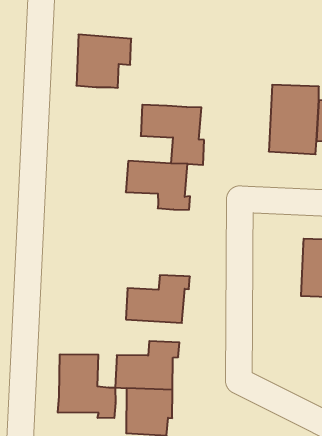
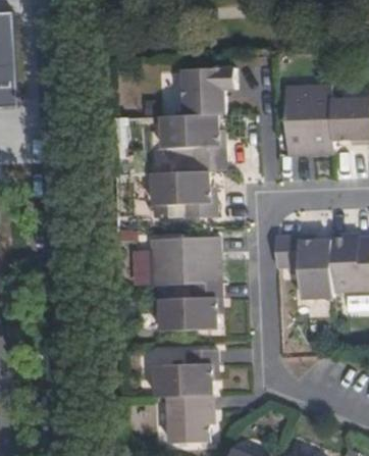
building: [76,35,131,88] -> [181,66,234,116]
building: none -> [150,235,217,284]
building: none -> [272,236,329,296]
building: [58,354,115,418] -> none

